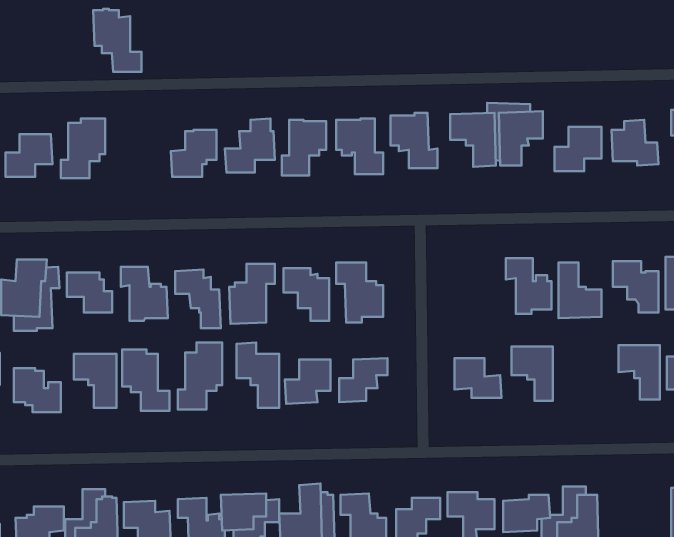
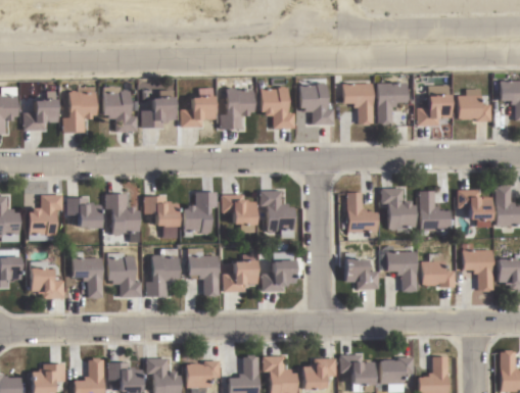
building: [93,9,142,72] -> [103,86,138,131]
building: none -> [347,193,377,232]
building: none -> [421,253,456,287]

